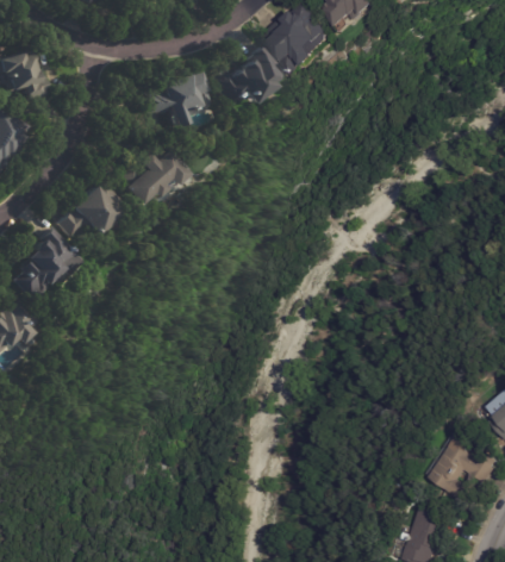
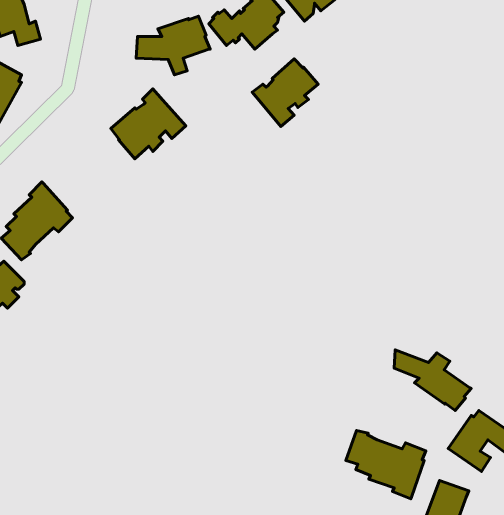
building: none -> [252,59,318,126]
building: [52,180,124,243] -> none
building: none -> [394,350,471,410]
building: none -> [346,431,426,499]

